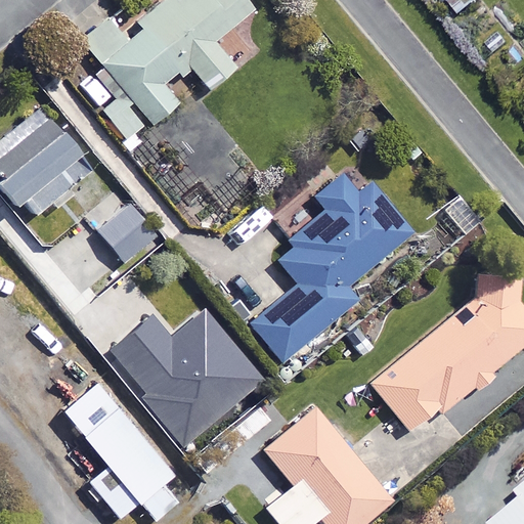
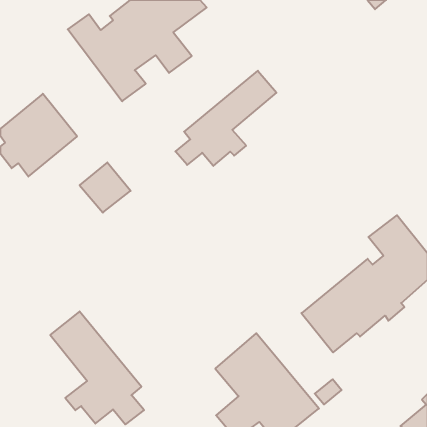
building: none -> [175,71,276,166]
building: [250,167,408,362] -> none
building: [112,309,270,452] -> none

